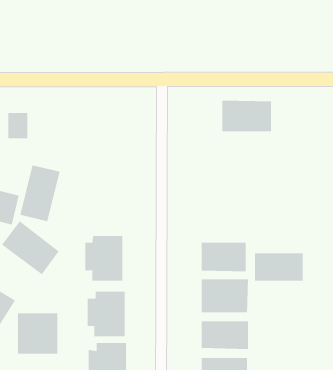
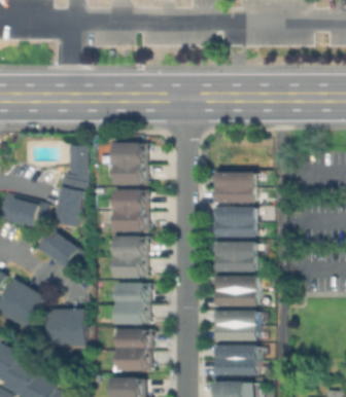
building: [222,100,272,132] -> [212,172,257,201]
building: [7,113,28,139] -> [67,145,85,169]
building: none -> [106,142,144,182]
building: none -> [107,190,142,232]
building: [254,253,303,281] -> [212,210,256,236]

